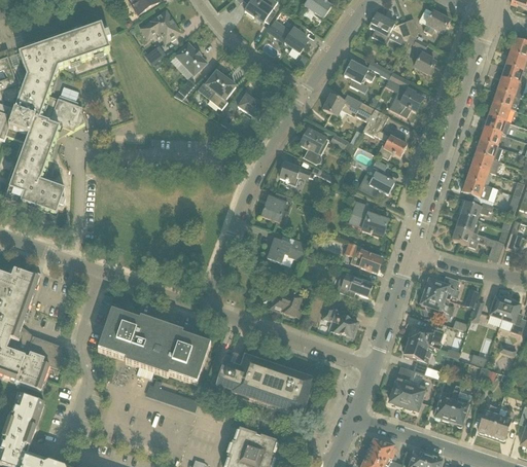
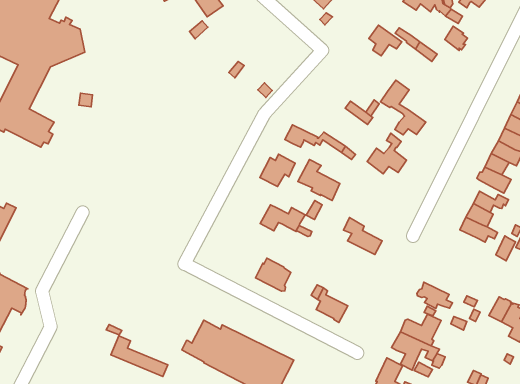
building: [205,70,235,108] -> none
building: [388,87,422,116] -> none
building: [237,93,266,118] -> none
building: [322,93,374,119] -> none
building: [300,128,327,163] -> none
building: [348,200,387,235] -> [298,159,340,201]
building: [339,273,372,295] -> none
building: [424,275,458,298] -> none
building: [97,309,210,383] -> none

